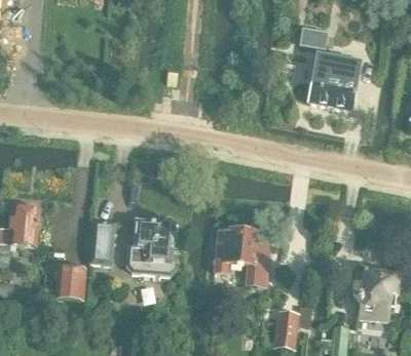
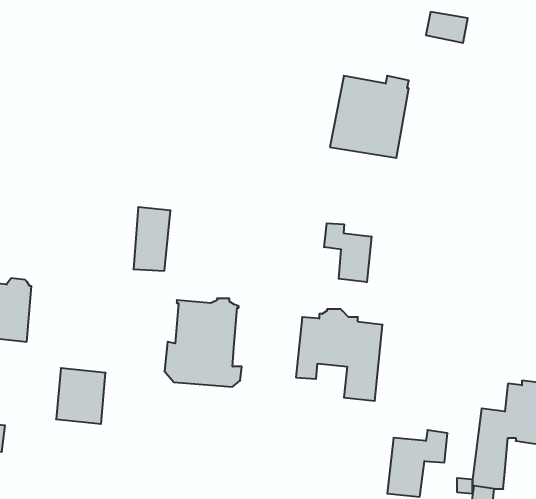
building: [307,54,360,109] -> [330,76,409,158]
building: none -> [324,223,371,282]
building: [89,221,114,263] -> [133,207,171,271]

